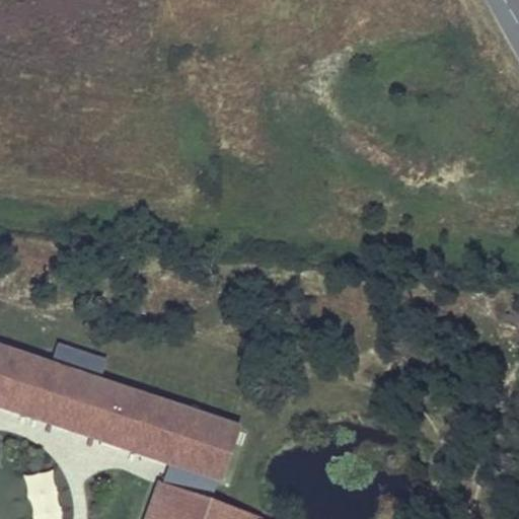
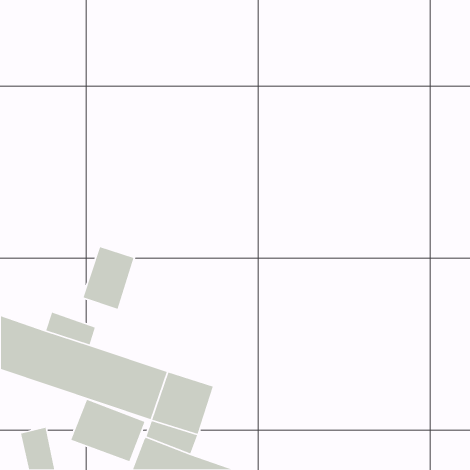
building: none -> [83,246,134,310]
building: none -> [70,399,145,462]

